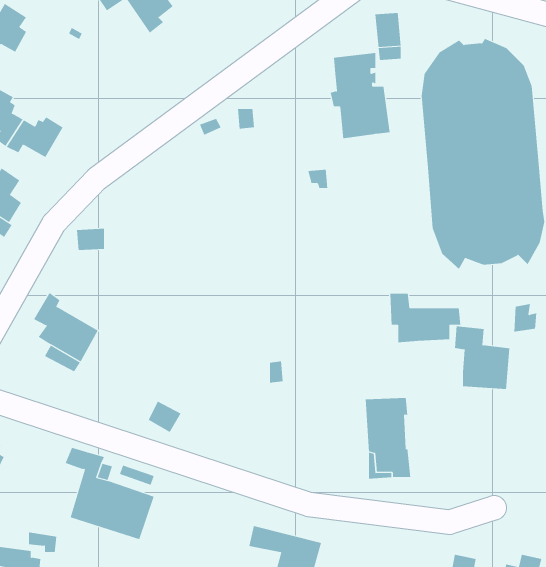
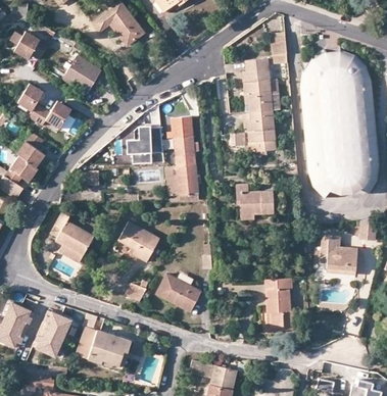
building: none -> [63,57,99,94]
building: none -> [242,111,275,155]
building: none -> [164,112,199,196]
building: none -> [126,123,161,164]
building: [389,293,461,343] -> [234,185,280,216]
building: none -> [117,222,158,262]
building: none -> [155,275,198,311]
building: none -> [35,312,71,356]

